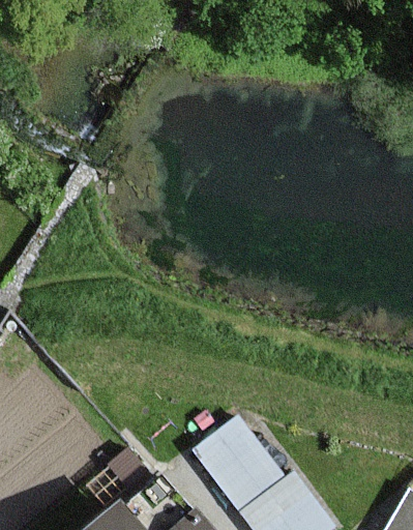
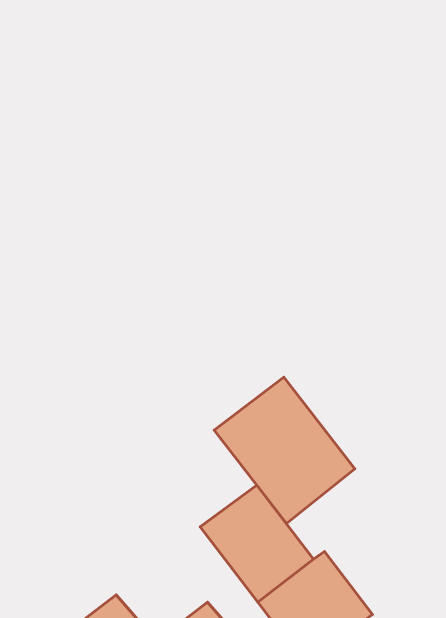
building: none -> [214,377,355,524]

